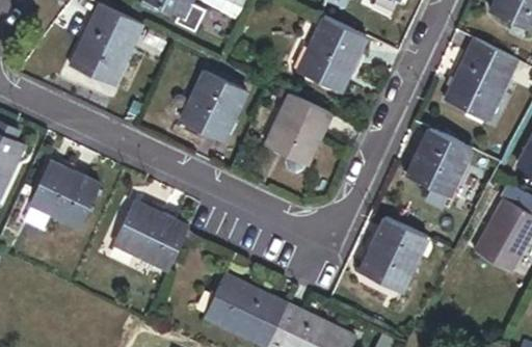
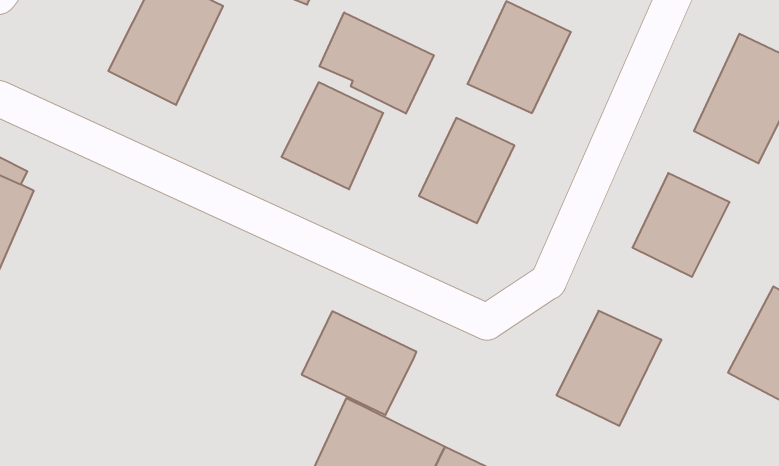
building: none -> [320,12,434,114]
building: [29,161,96,223] -> none
building: [114,202,188,268] -> [302,311,416,415]

